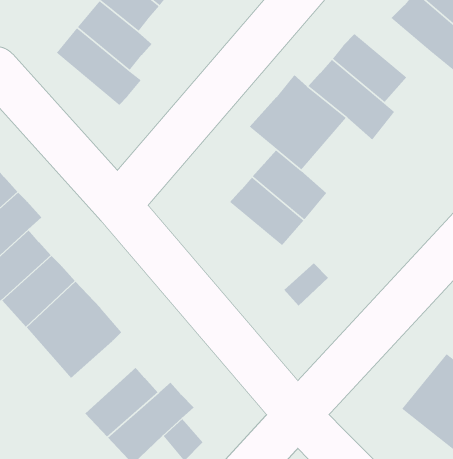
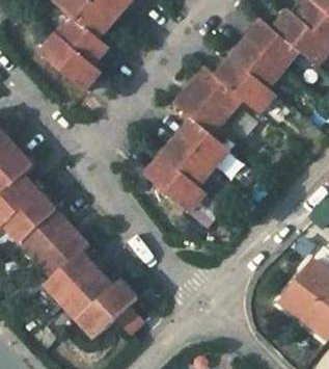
building: none -> [246,21,298,70]
building: none -> [144,156,203,211]
building: none -> [45,252,95,301]

